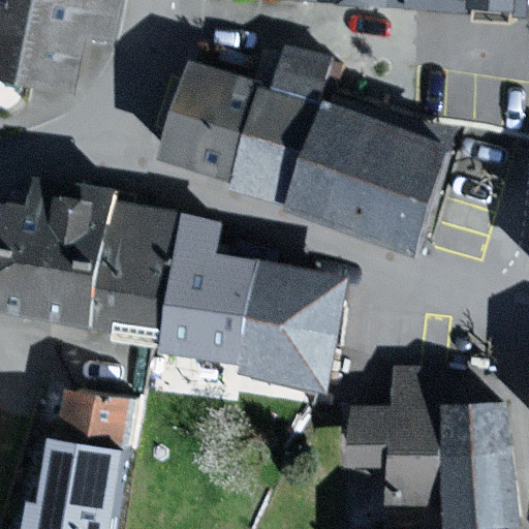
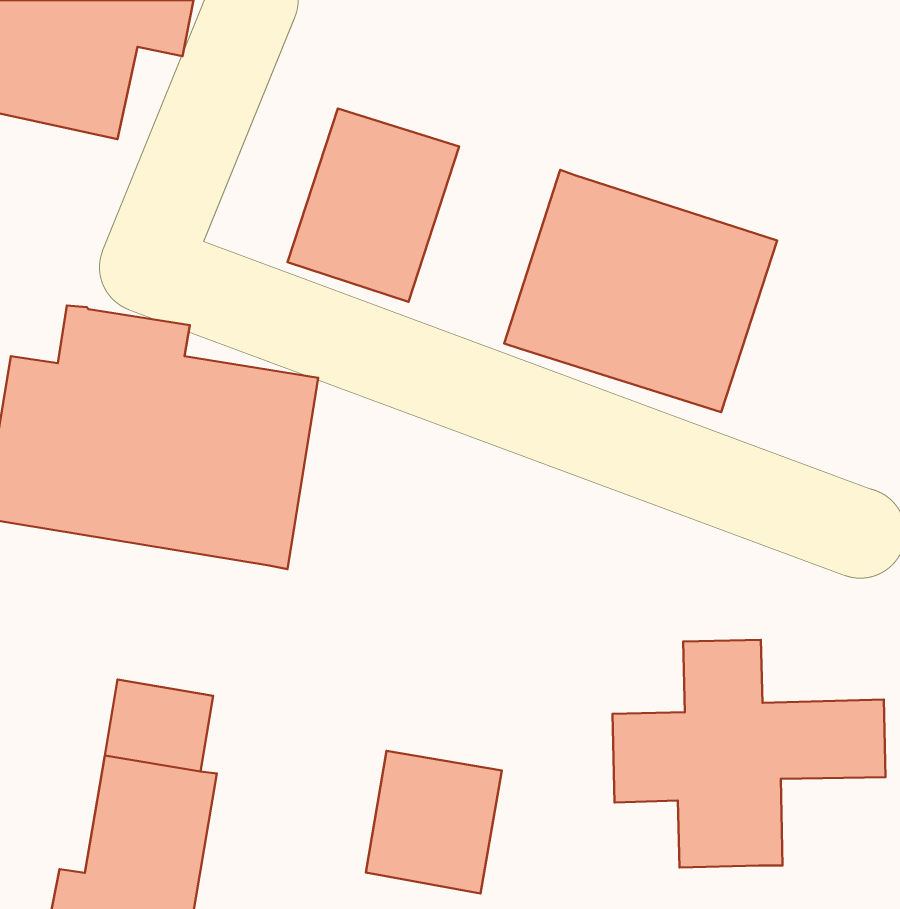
building: [231,55,322,205] -> none
building: [162,224,337,386] -> none
building: none -> [366,751,502,893]
building: [446,453,508,523] -> none

